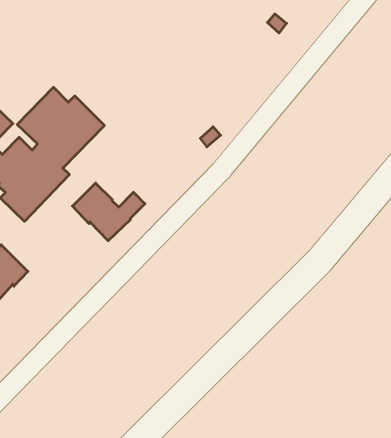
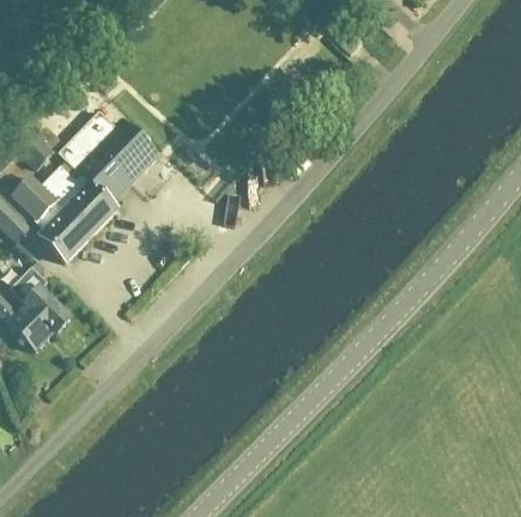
building: [72,183,145,241] -> none

